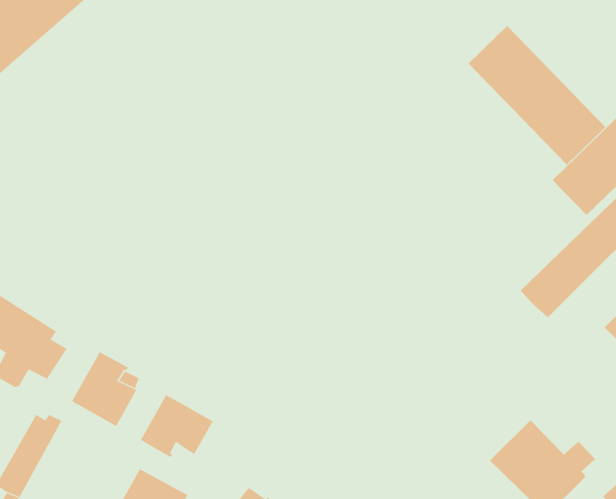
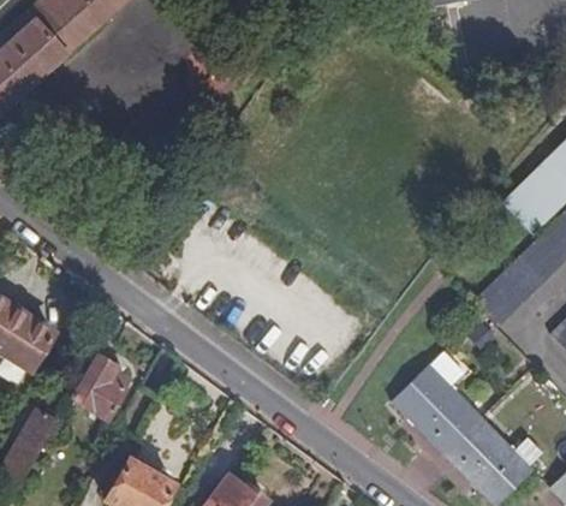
building: [468,25,606,166] -> none
building: none -> [391,350,483,454]
building: [140,395,213,458] -> none

